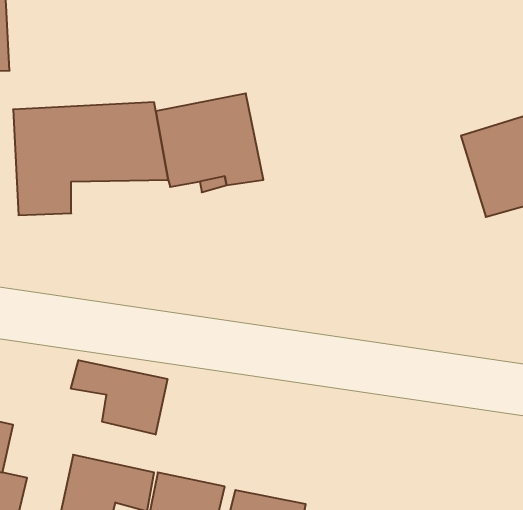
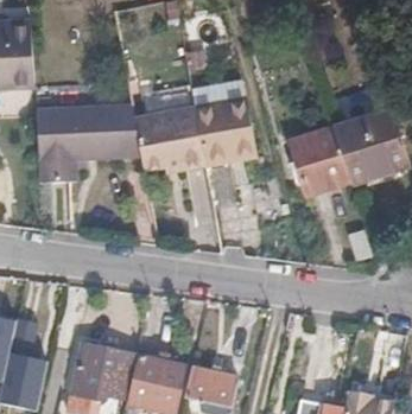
building: none -> [196,96,262,166]
building: none -> [294,129,355,196]
building: [71,360,167,435] -> none

